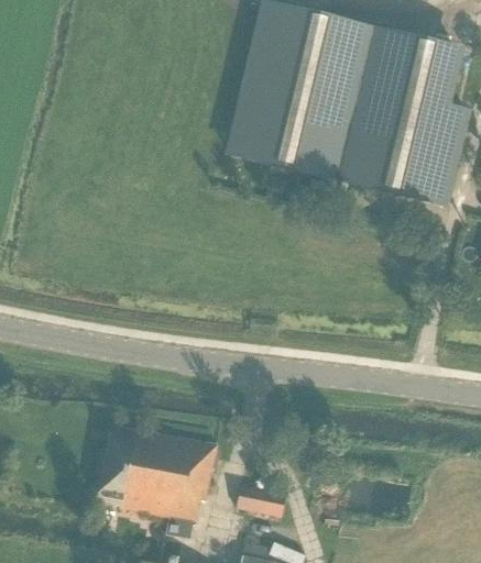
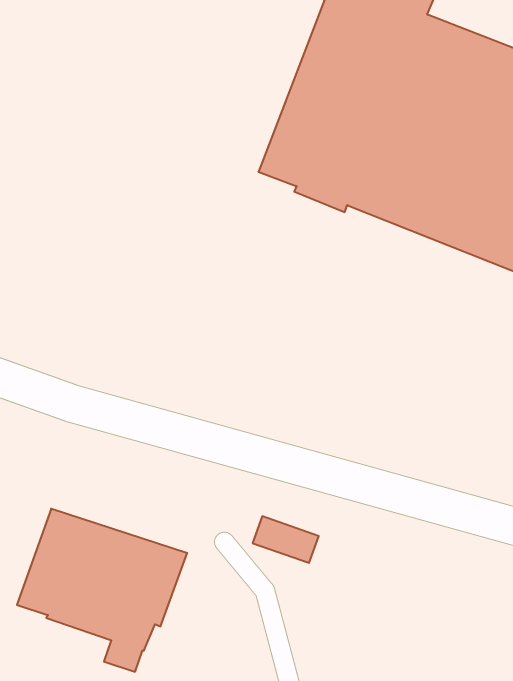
building: [238,486,286,516] -> [253,516,319,563]

